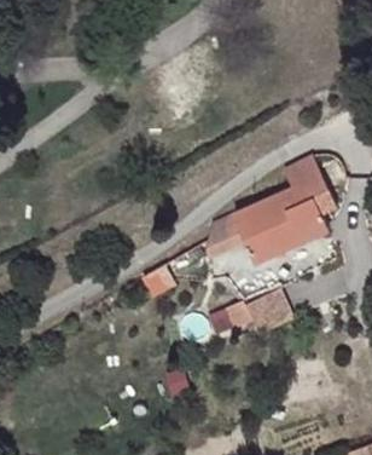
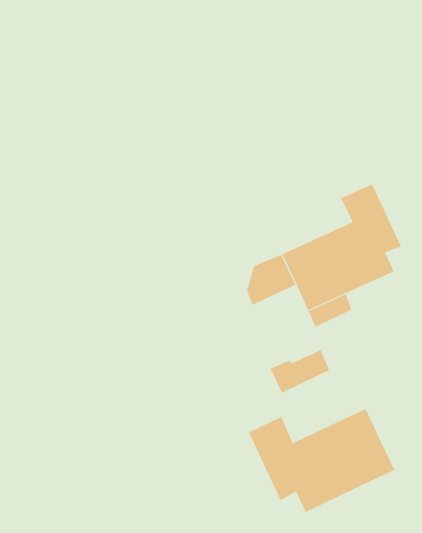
building: none -> [248,408,395,513]

